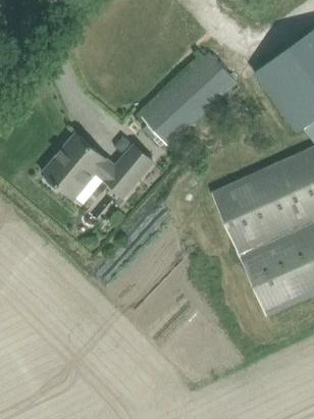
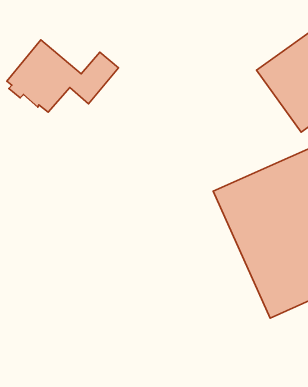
building: [140,50,239,147] -> none
building: [43,133,153,204] -> [7,40,119,112]

